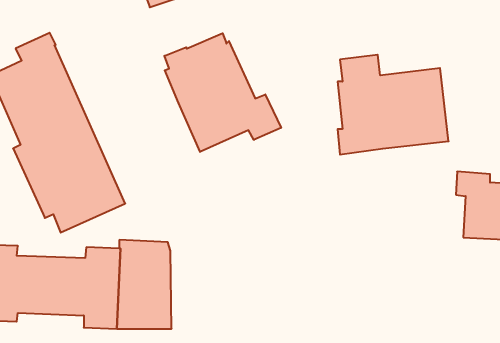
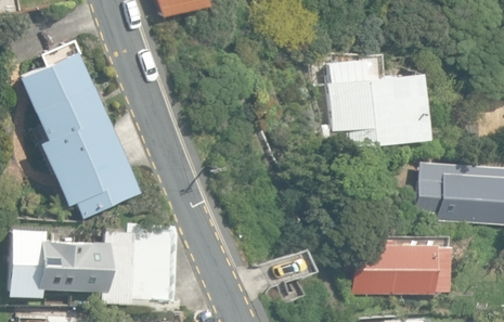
building: [164,33,281,152] -> none
building: none -> [346,240,447,295]

